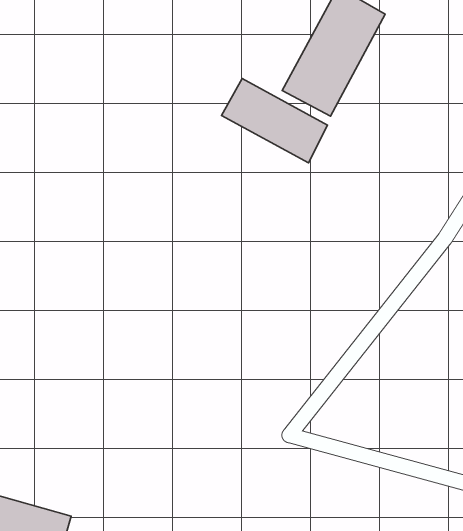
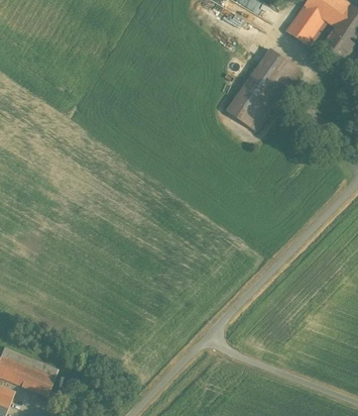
building: [221,79,327,163] -> none

